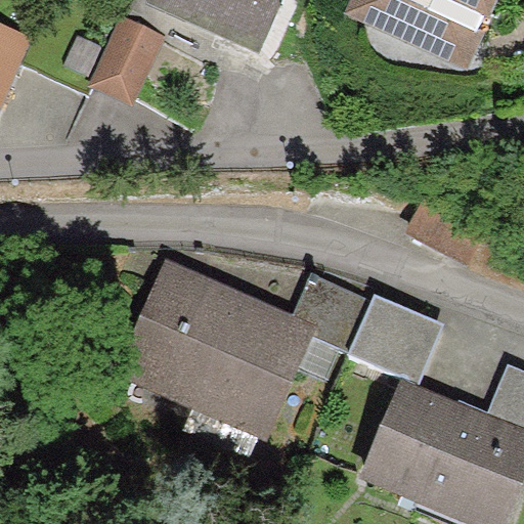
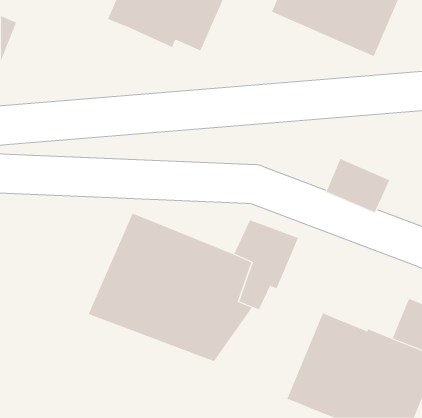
building: [87,14,164,104] -> none
building: [344,291,444,388] -> none

